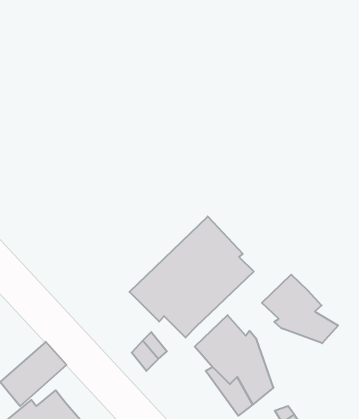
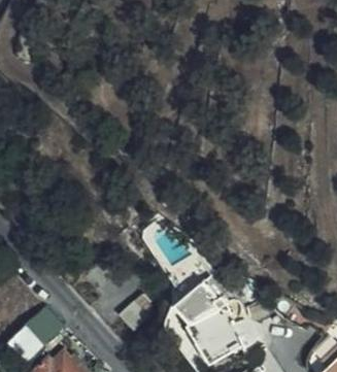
building: [129,216,254,338] -> none
building: [262,275,338,343] -> none

